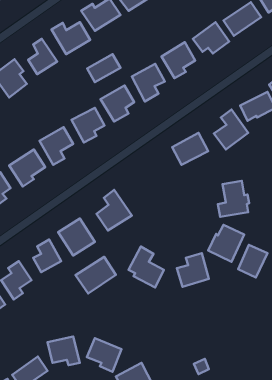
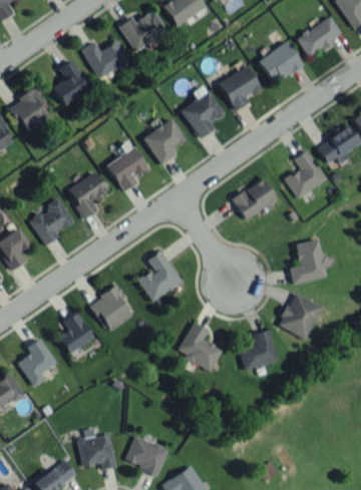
building: [87,54,120,82] -> none
building: [238,245,267,278] -> none
building: [75,257,116,293] -> none

